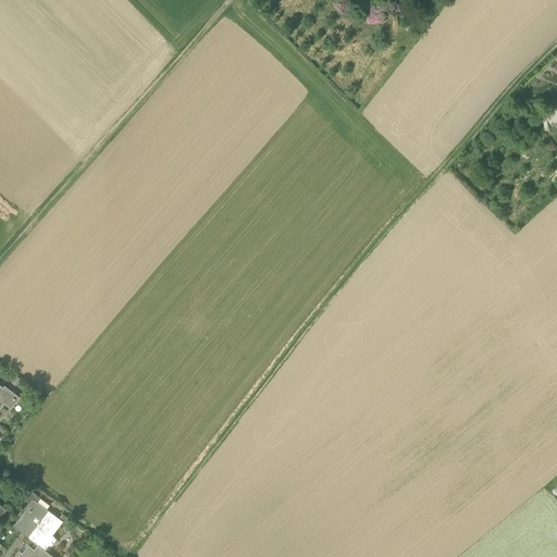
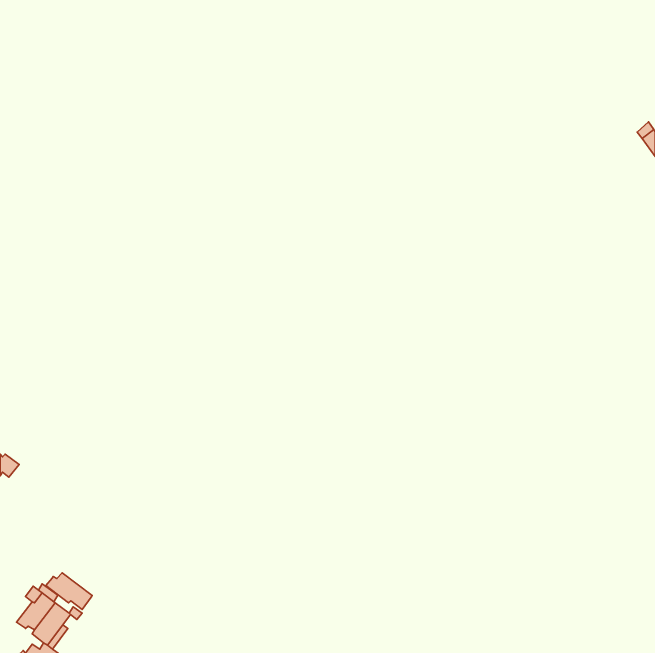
building: none -> [46,573,92,609]

